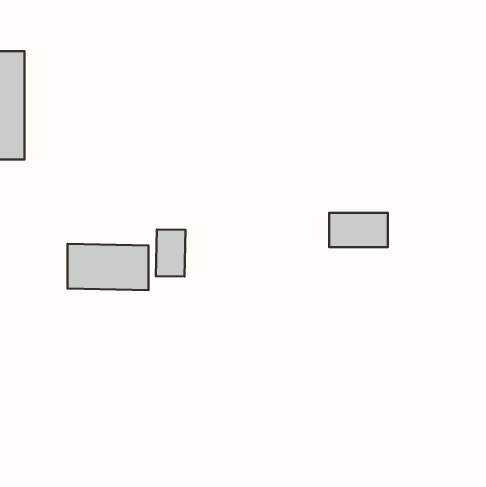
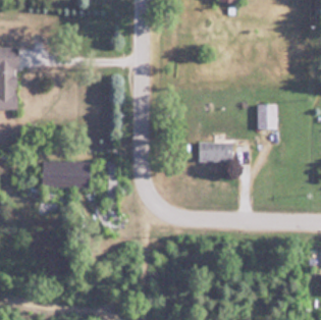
building: none -> [257,104,276,129]
building: [156,229,185,277] -> none

